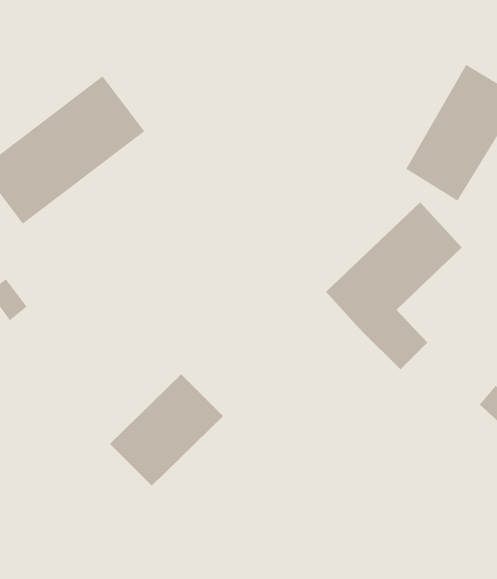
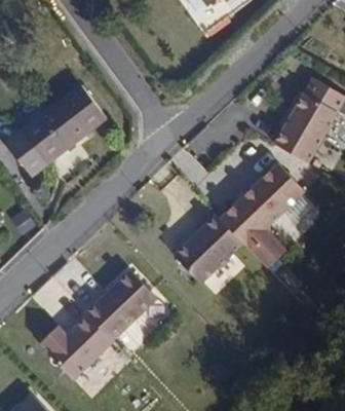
building: none -> [172,214,243,284]
building: none -> [37,314,113,380]

